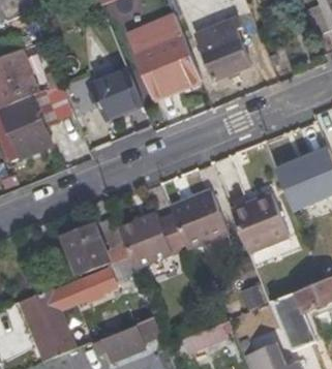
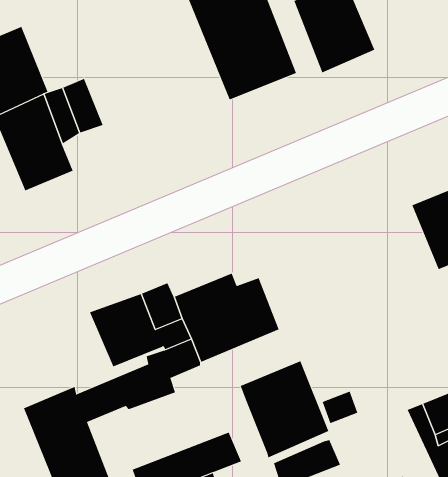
building: [91,69,142,119] -> none
building: [170,188,229,252] -> [240,361,329,458]
building: [232,193,290,253] -> none

